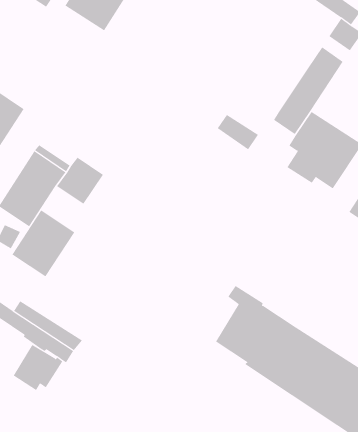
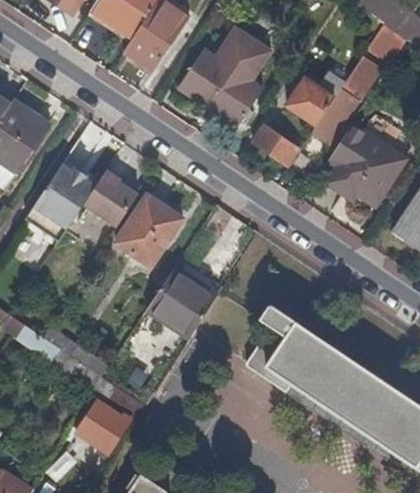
building: none -> [125,10,181,71]
building: none -> [180,26,273,126]
building: none -> [291,69,347,123]
building: [11,210,75,277] -> [114,194,181,265]
building: none -> [146,260,224,339]
building: [13,344,63,391] -> [76,400,129,450]

